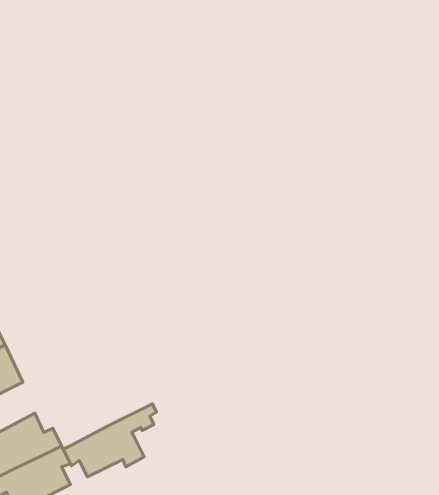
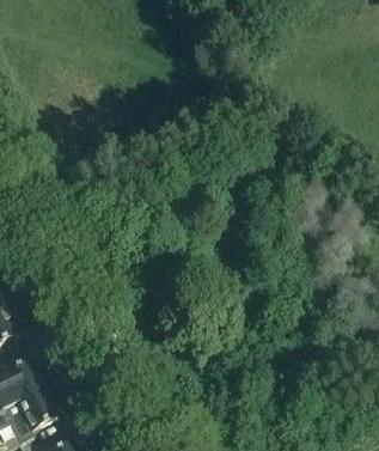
building: [63,404,157,477] -> none

